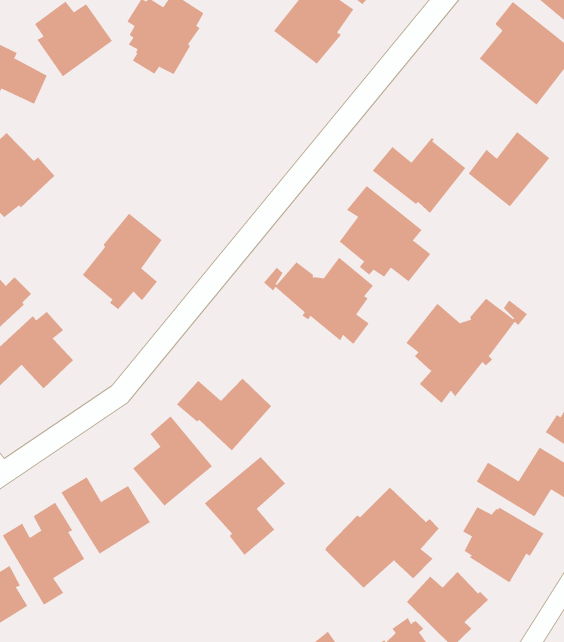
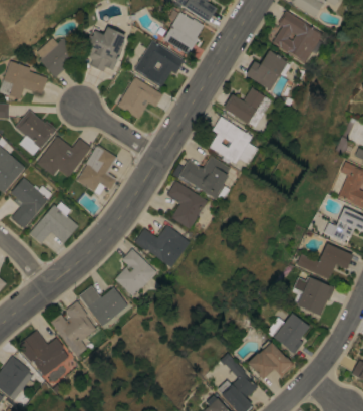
building: none -> [134,41,184,87]
building: none -> [117,77,163,119]
building: [468,131,550,207] -> [246,50,288,90]
building: none -> [37,137,91,177]
building: none -> [166,181,208,229]
building: [405,298,528,404] -> none
building: [204,456,286,556] -> none
building: [324,487,440,588] -> none

